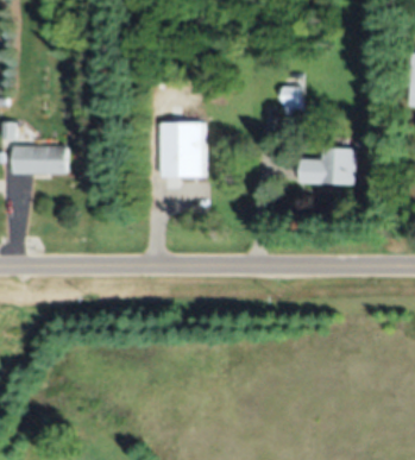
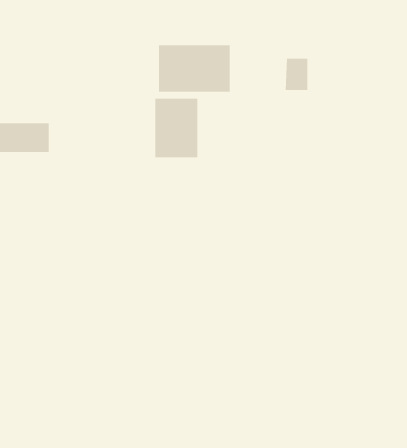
building: none -> [159,45,230,93]
building: [301,147,357,184] -> none

